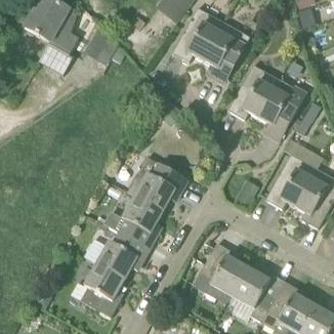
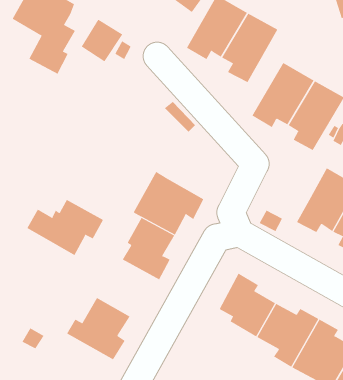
building: [84,232,150,280] -> [26,199,104,256]

